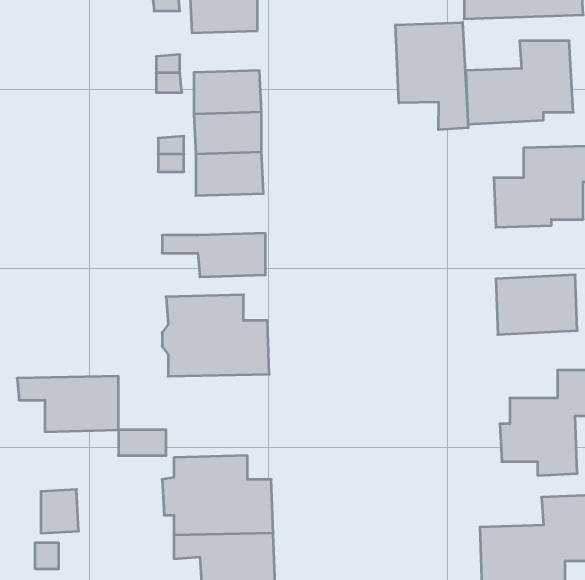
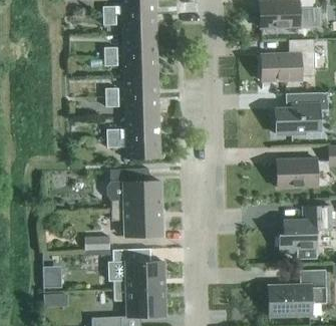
building: [395,22,468,130] -> none
building: none -> [122,34,156,55]
building: none -> [106,116,159,137]
building: [17,376,118,432] -> [110,208,161,236]

